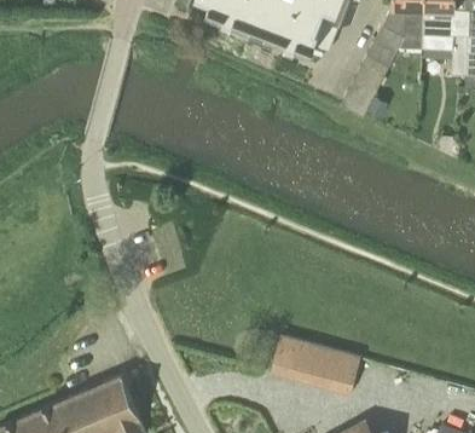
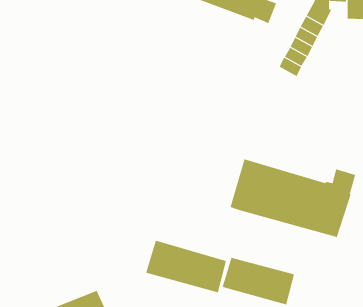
building: none -> [230,158,356,238]
building: none -> [146,240,227,293]

